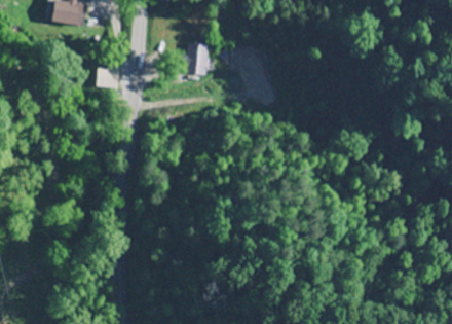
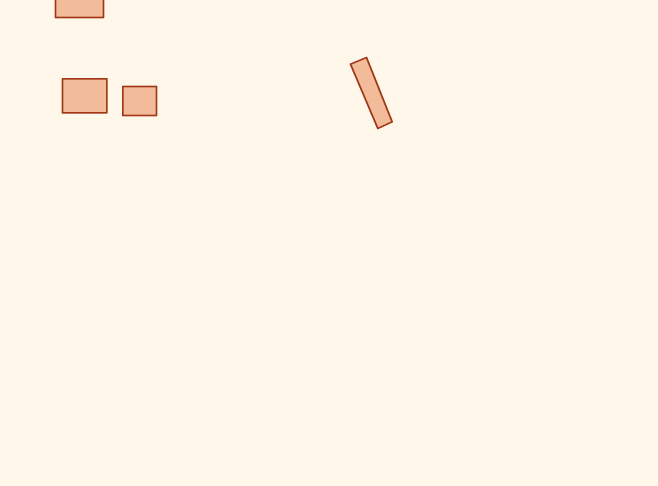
building: [187,46,205,72] -> none
building: none -> [63,79,107,113]

